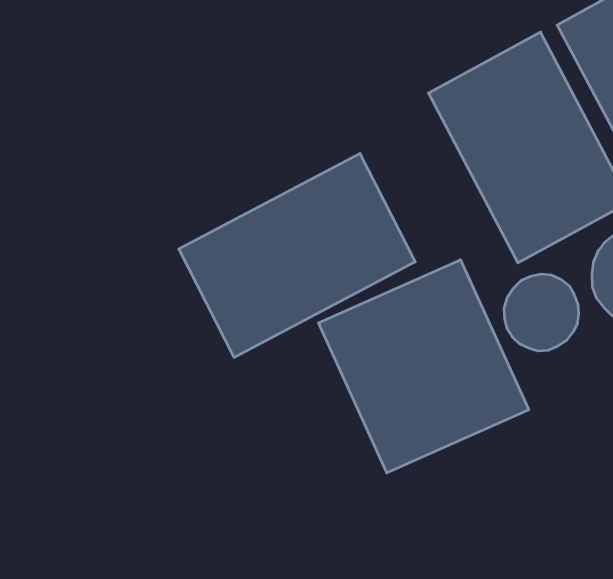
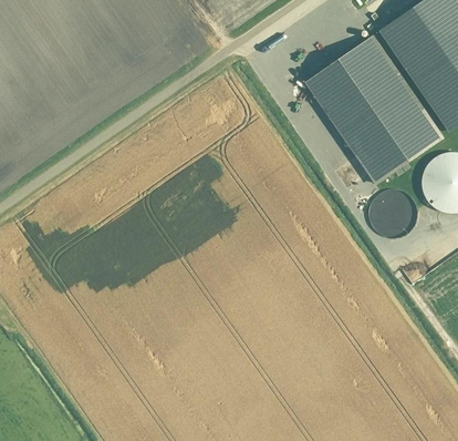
building: [179,153,415,357] -> none
building: [318,260,529,473] -> none

